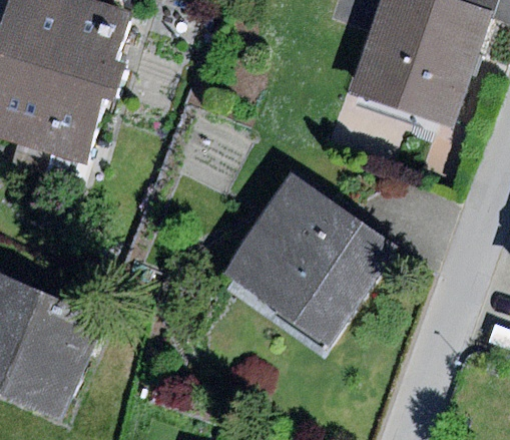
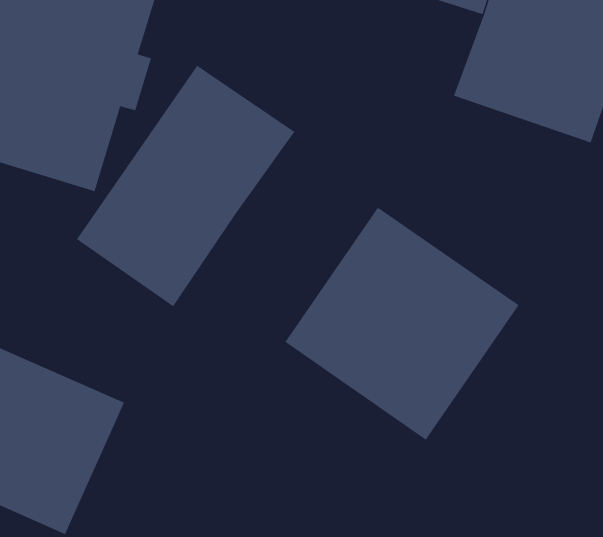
building: none -> [76,65,295,307]

